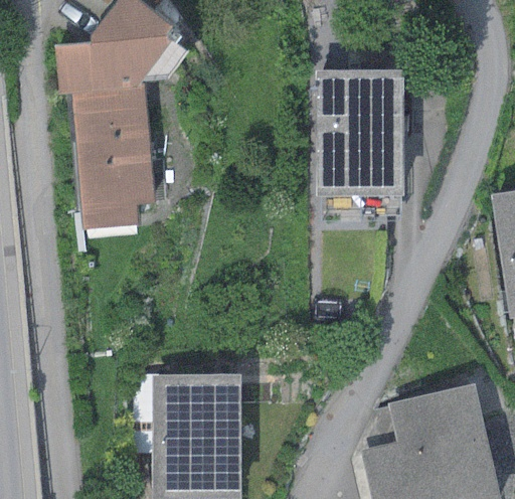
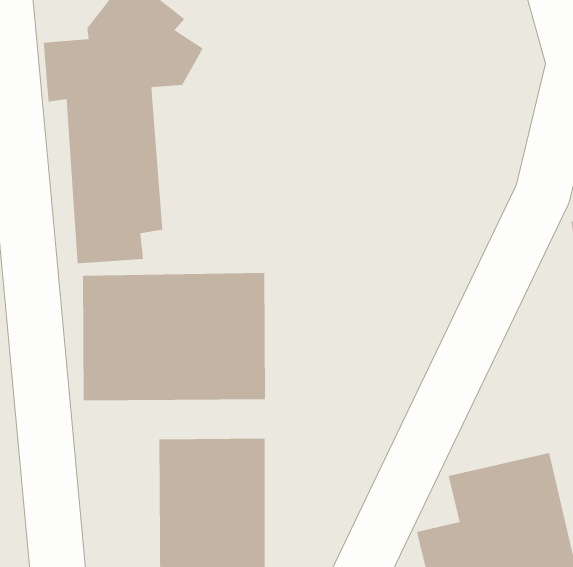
building: [315,68,403,197] -> none
building: none -> [83,272,265,401]

